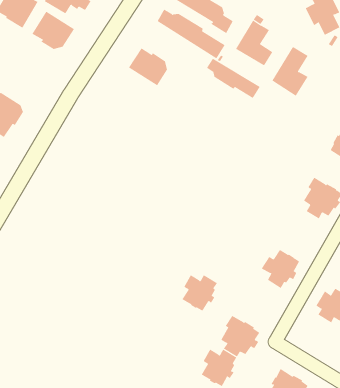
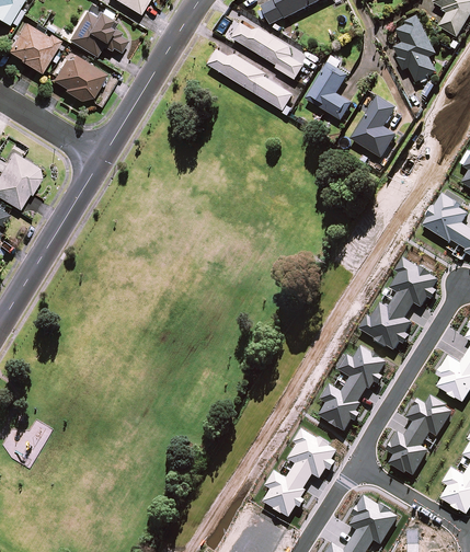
building: [128,47,167,86] -> none
building: [206,58,260,99] -> none
building: none -> [359,300,412,350]
building: [182,274,218,311] -> [318,386,363,432]
building: none -> [385,428,427,475]

